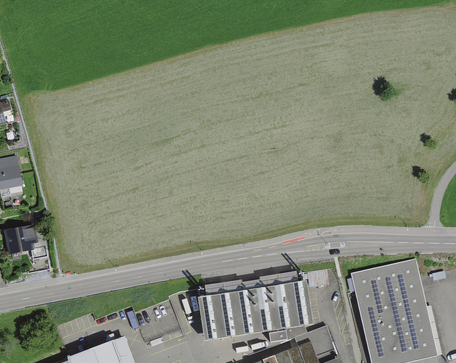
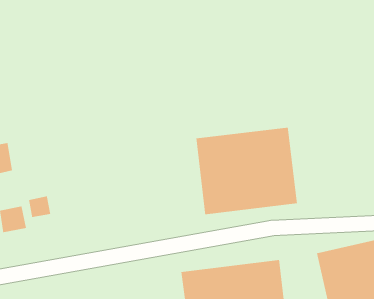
building: none -> [196,127,297,215]
building: none -> [28,196,51,218]

